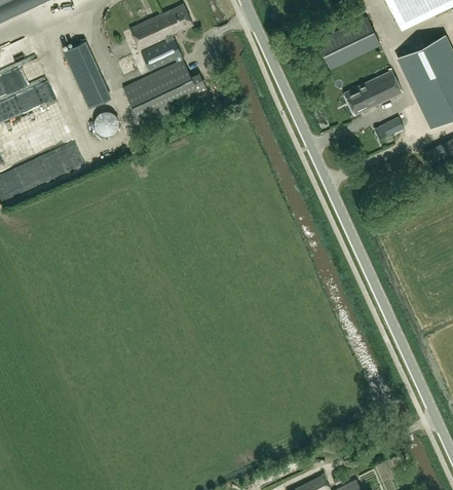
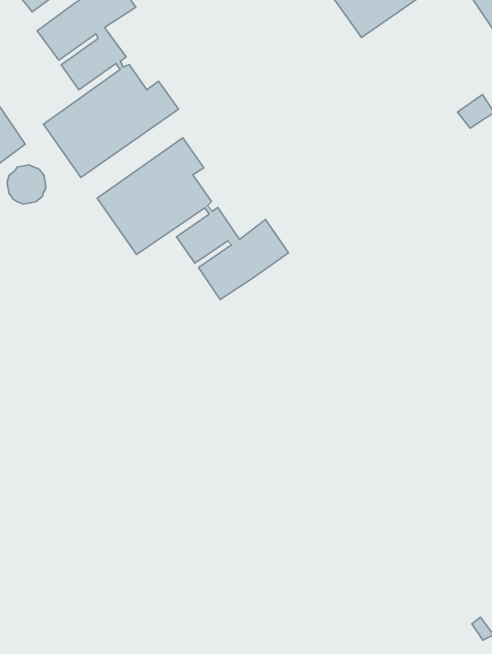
building: [343,69,402,115] -> none
building: none -> [97,138,289,300]

